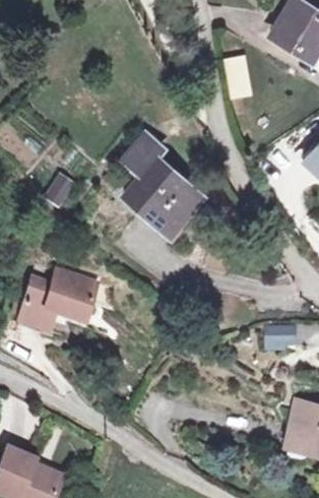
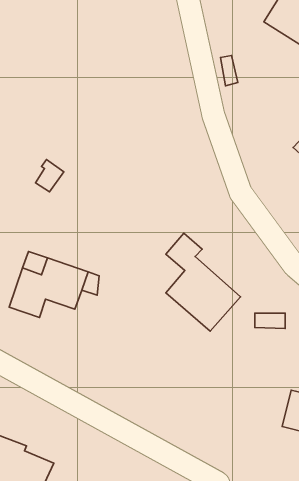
building: [126,135,201,234] -> [166,233,241,331]

